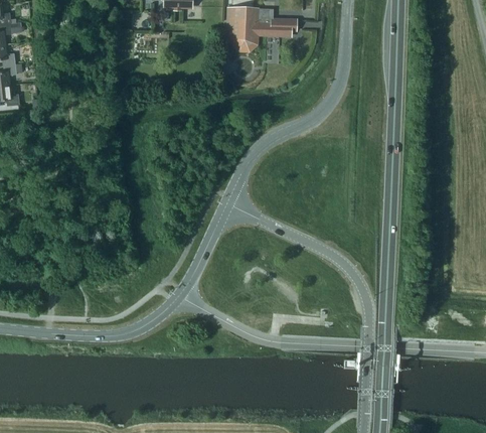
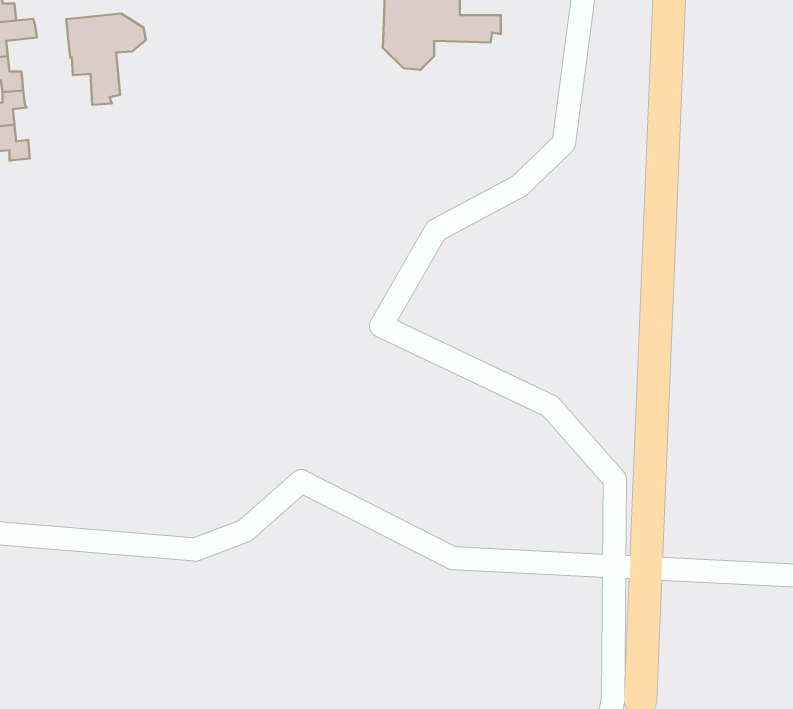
building: none -> [66,14,146,105]

